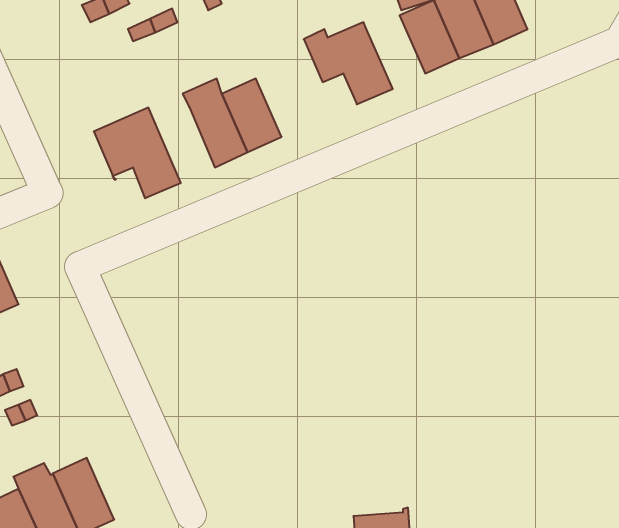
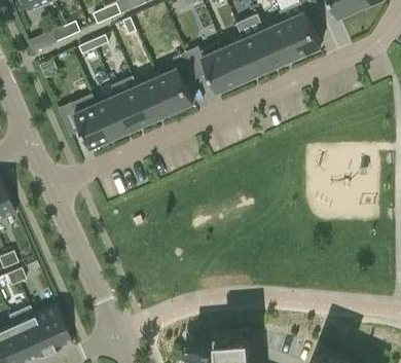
building: none -> [223,38,258,82]
building: none -> [156,52,196,111]
building: none -> [96,94,132,139]

